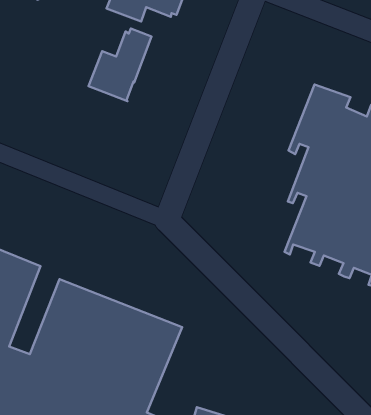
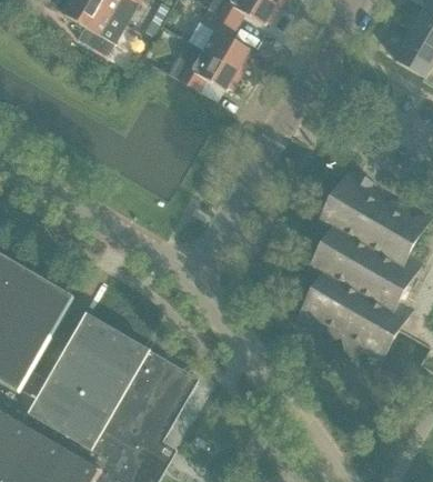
building: [88,28,152,101] -> none

